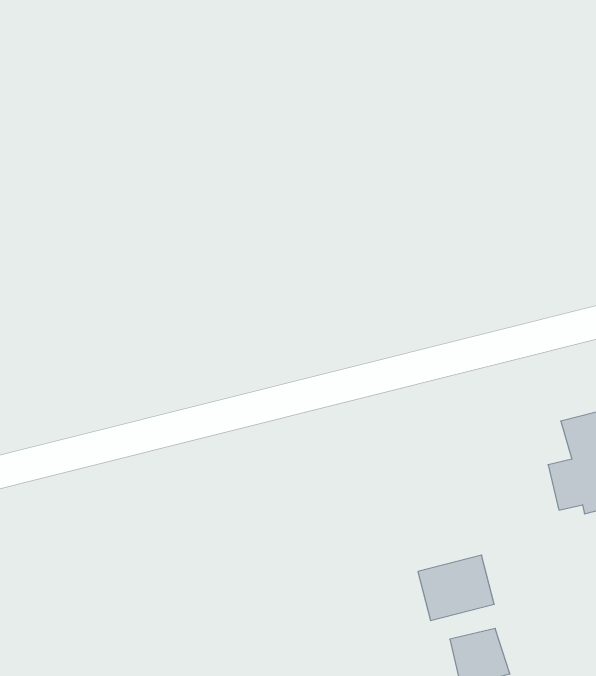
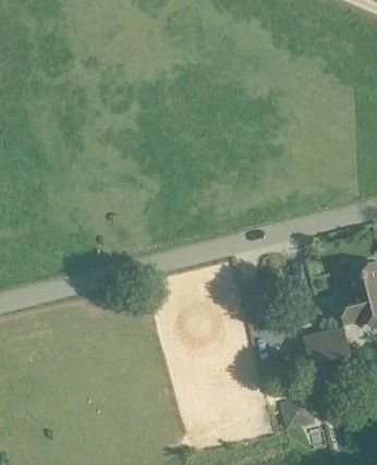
building: [418,555,494,621] -> [306,329,352,368]

